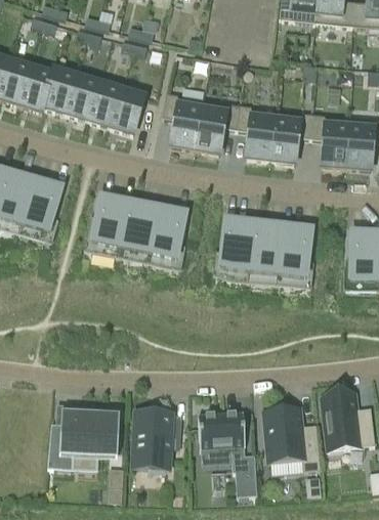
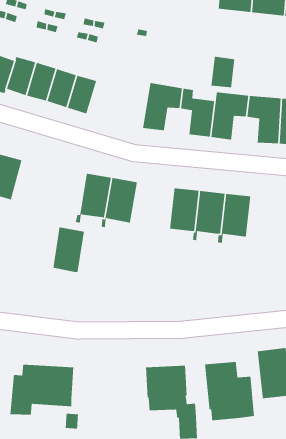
building: none -> [211,56,235,88]
building: [162,92,203,149] -> none
building: [96,193,132,245] -> [52,227,85,273]
building: [132,414,180,467] -> none

